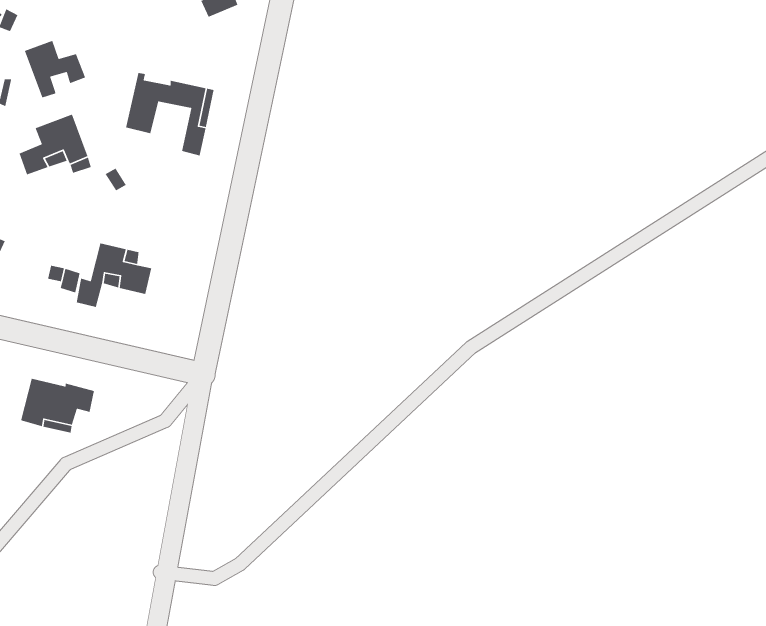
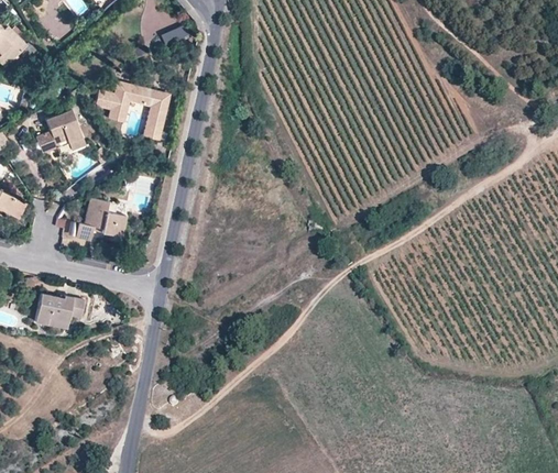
building: [24,40,86,99] -> none

